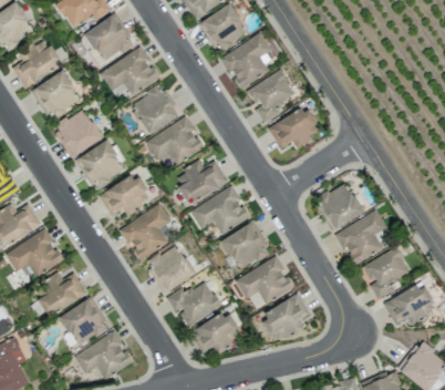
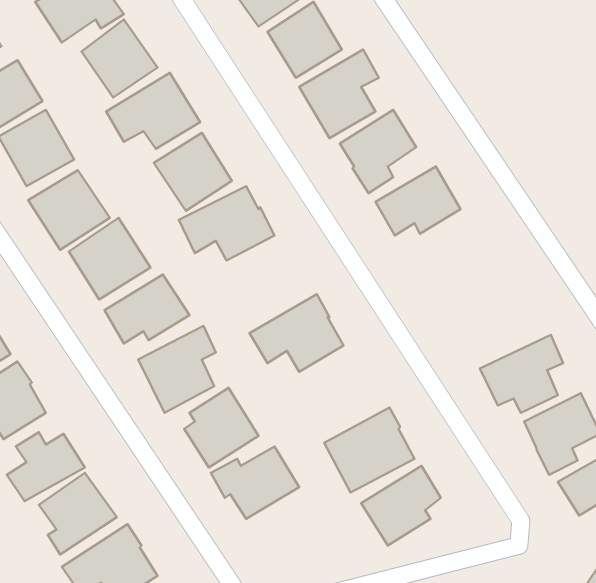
building: [174,161,227,204] -> none
building: [319,183,364,229] -> none
building: [221,223,269,271] -> none
building: [192,311,242,352] -> none

